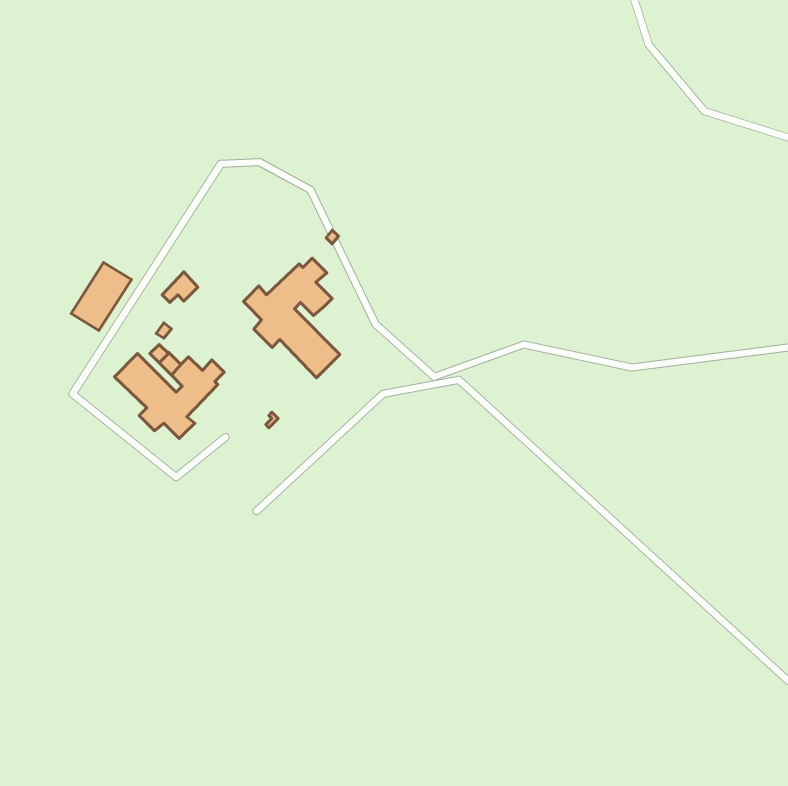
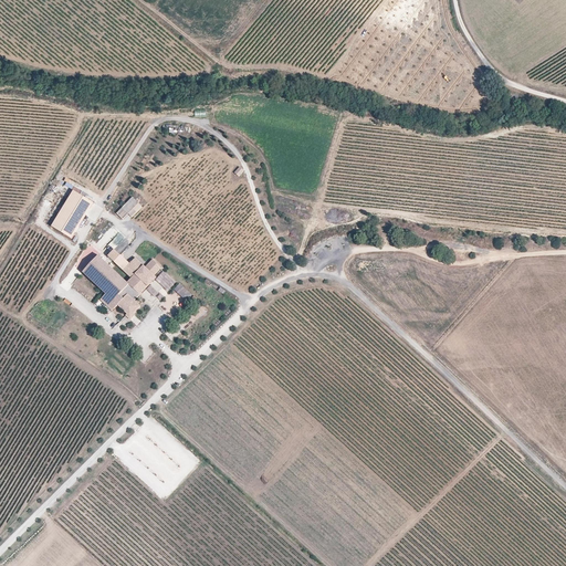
building: [243,258,340,378] -> none

